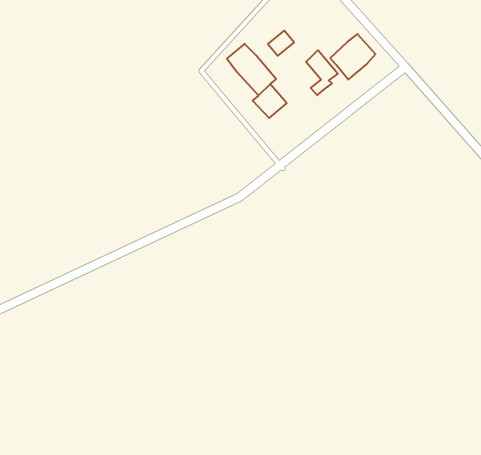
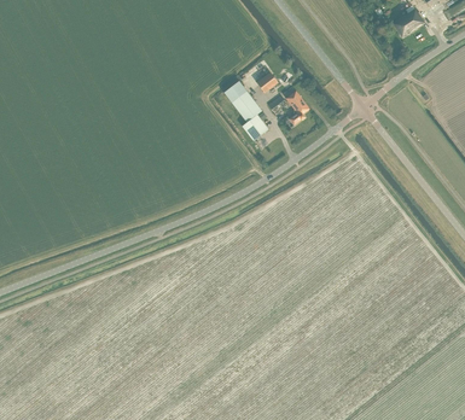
building: [330,34,375,80] -> none

